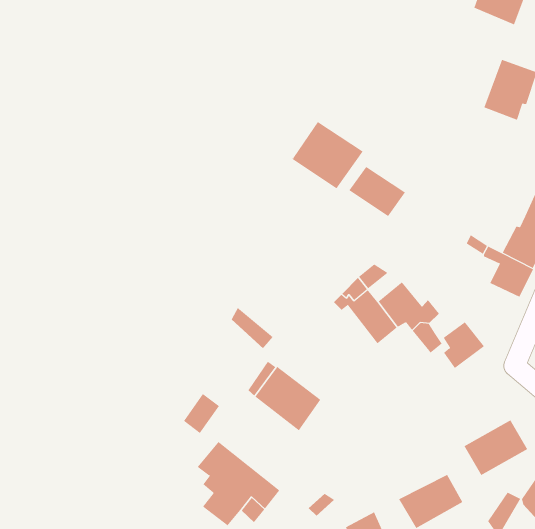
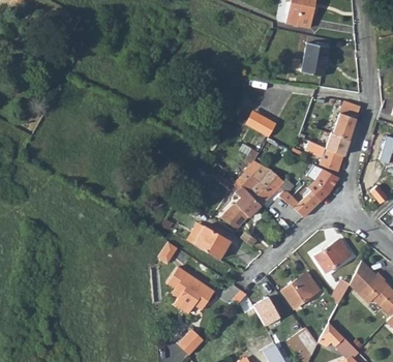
building: [291,121,364,189] -> none
building: none -> [308,169,337,201]
building: none -> [221,186,261,230]

